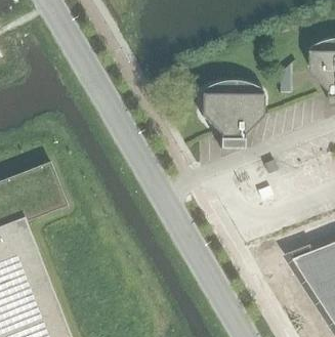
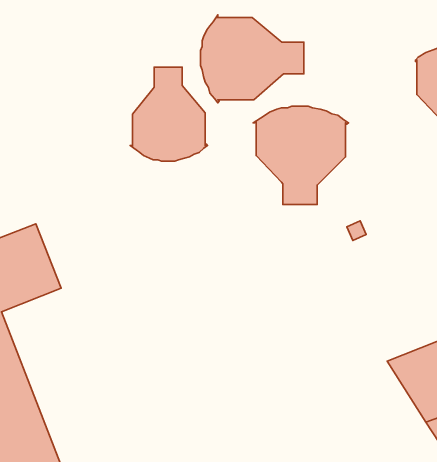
building: none -> [201,15,304,103]
building: none -> [130,67,208,161]

